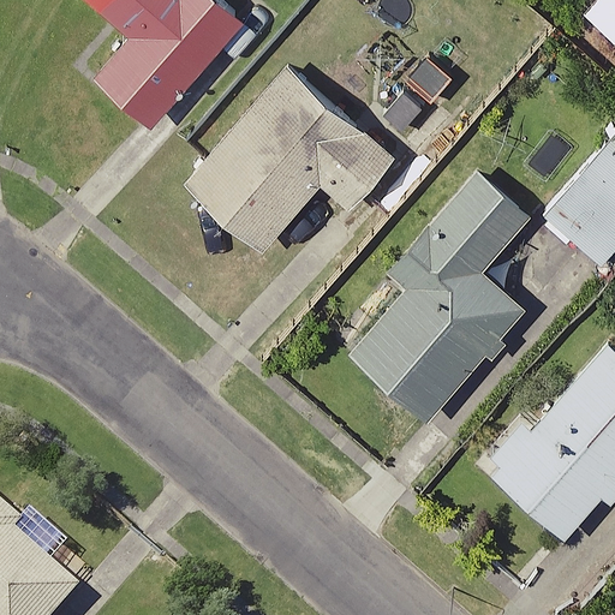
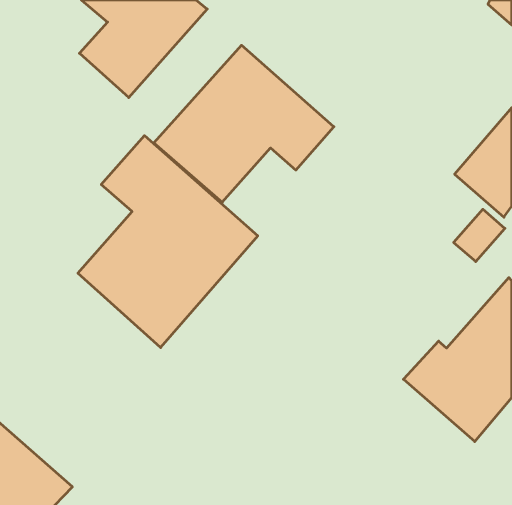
building: [351,169,532,419] -> none
building: none -> [78,136,258,348]

